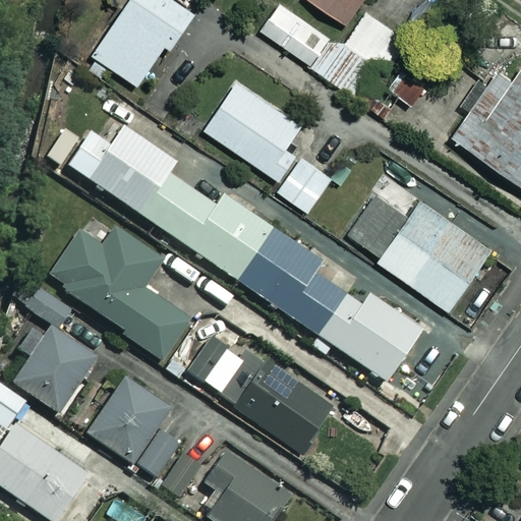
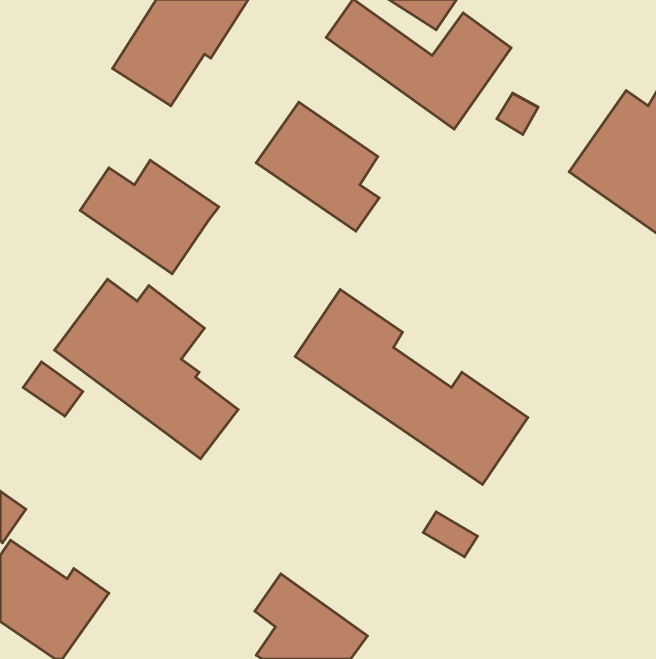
building: [279,156,334,212] -> none
building: [139,174,272,281] -> none
building: [350,194,490,308] -> none
building: [11,321,96,414] -> none
building: [185,339,332,452] -> none
building: [86,374,199,495] -> none

